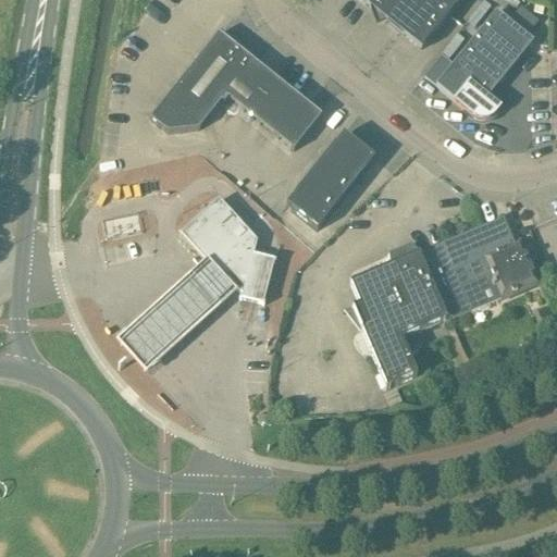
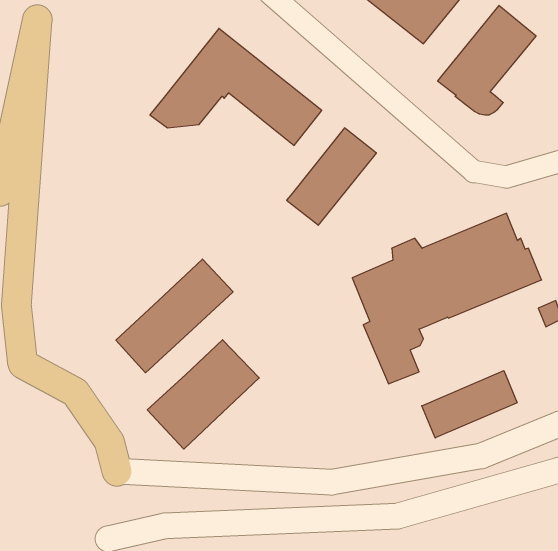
building: [180,194,275,299] -> none
building: none -> [147,340,259,449]
building: none -> [422,371,517,438]

